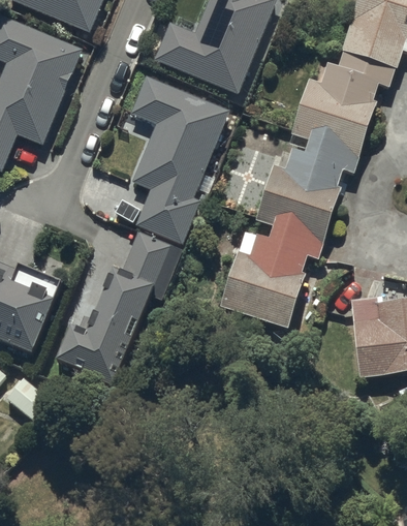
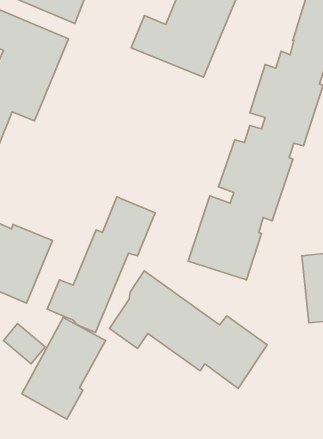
building: [130,76,229,244] -> none
building: none -> [109,271,267,389]
building: none -> [22,317,105,419]

